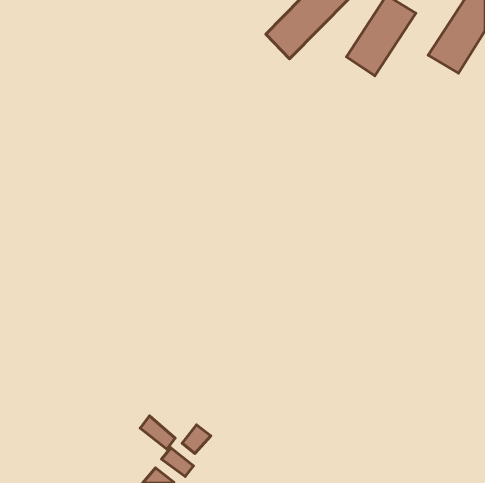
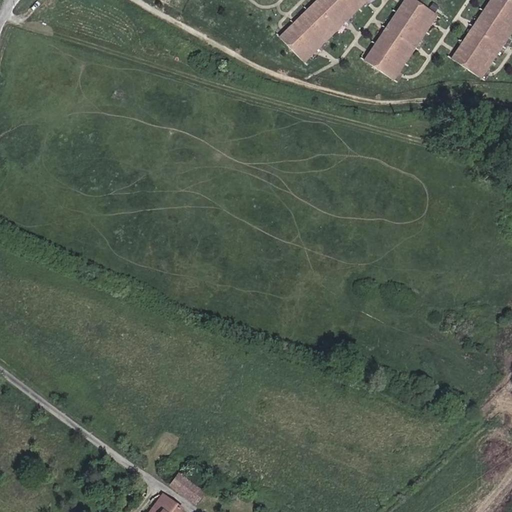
building: [140,416,175,449] -> none
building: [182,425,211,453] -> none

